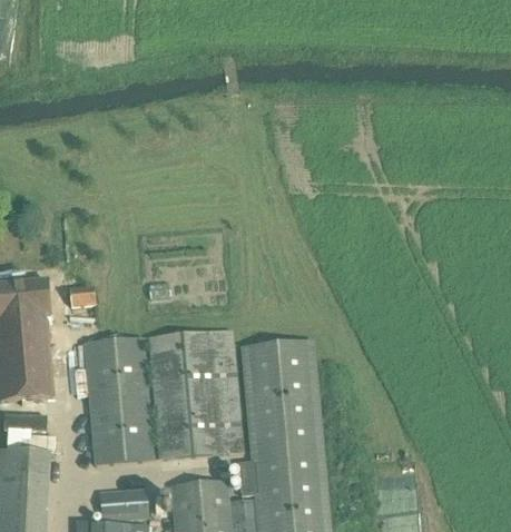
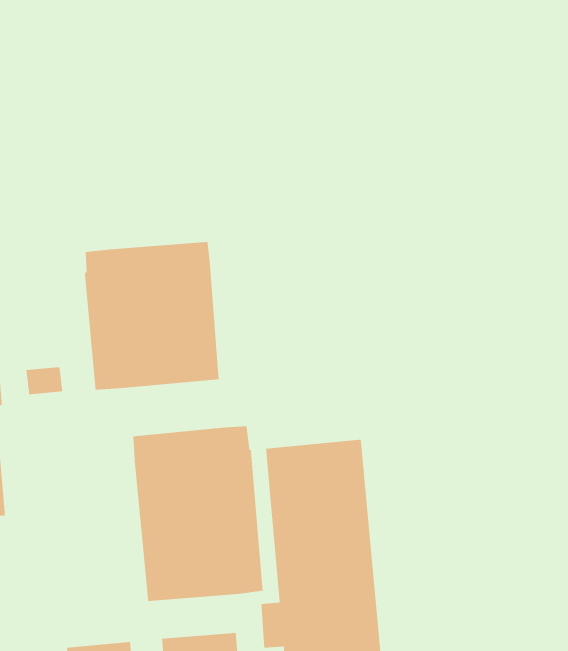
building: none -> [84,241,220,390]
building: [83,338,154,466] -> none

